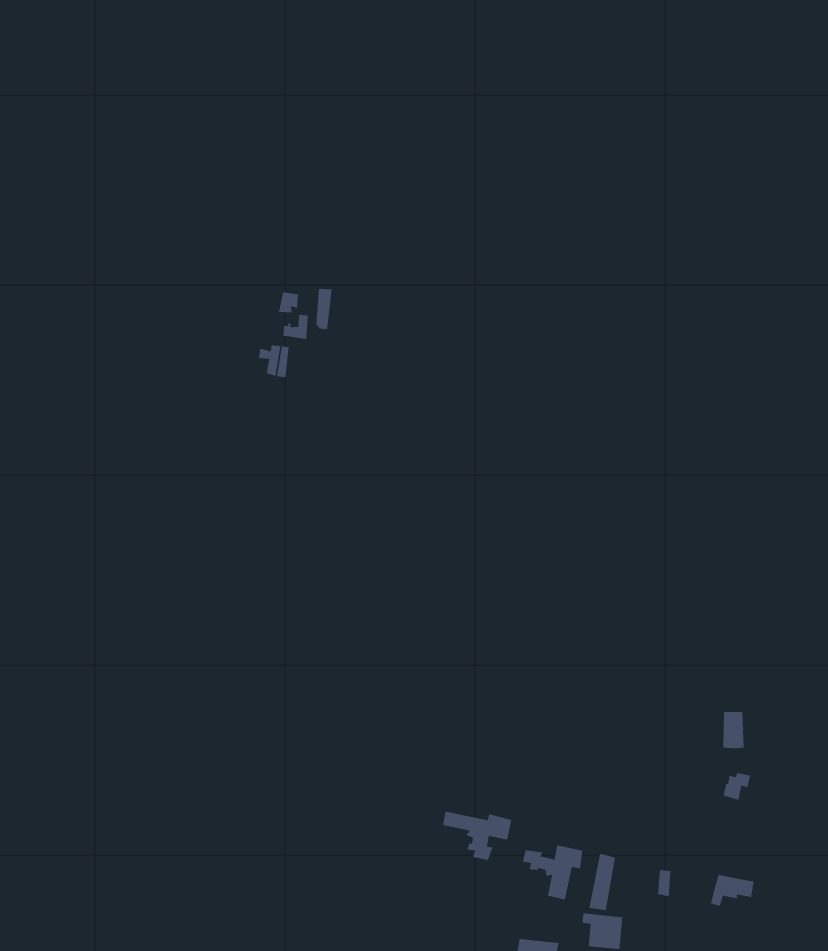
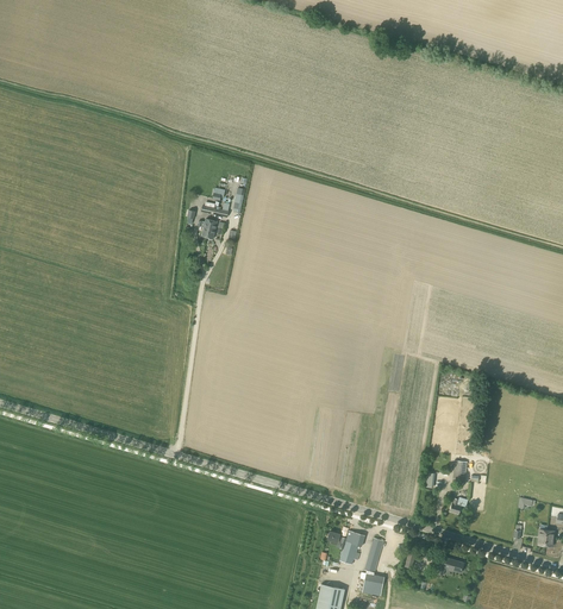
building: [443,811,512,861] -> none

